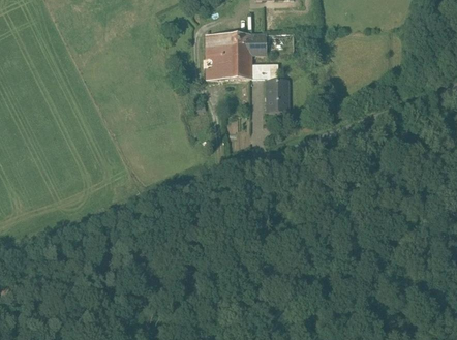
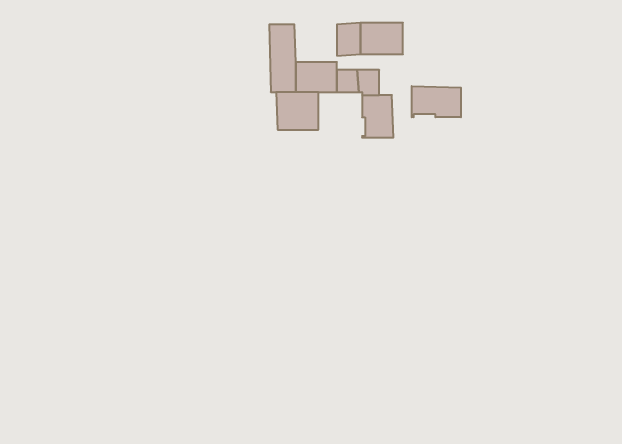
building: [221,33,249,58] -> [276,92,318,130]
building: none -> [412,86,461,117]

